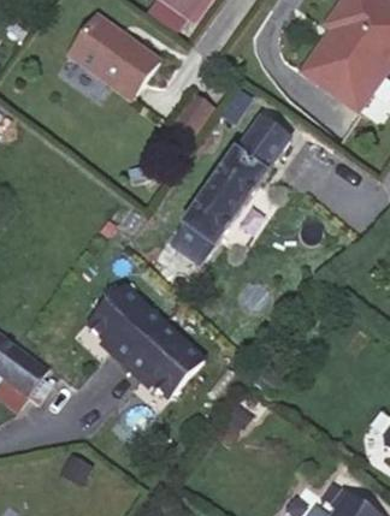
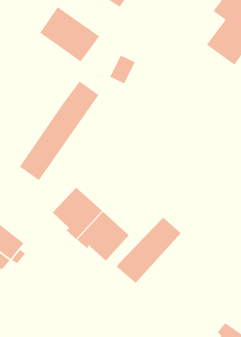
building: [169,114,289,265] -> [19,80,100,181]
building: none -> [116,217,182,284]

